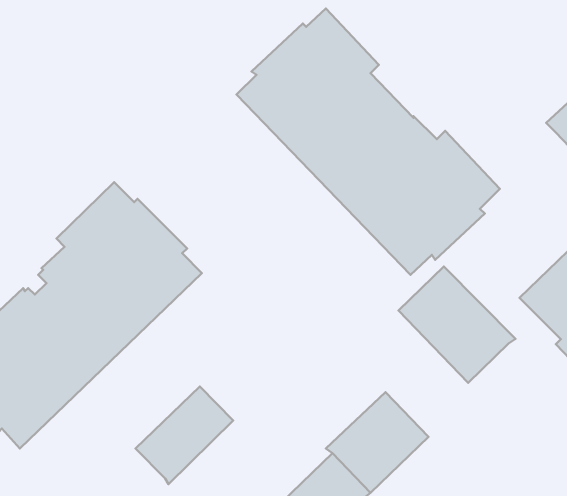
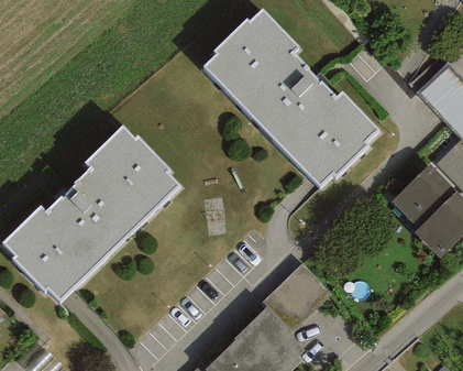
building: [399,267,515,383] -> none
building: [136,386,233,484] -> none

